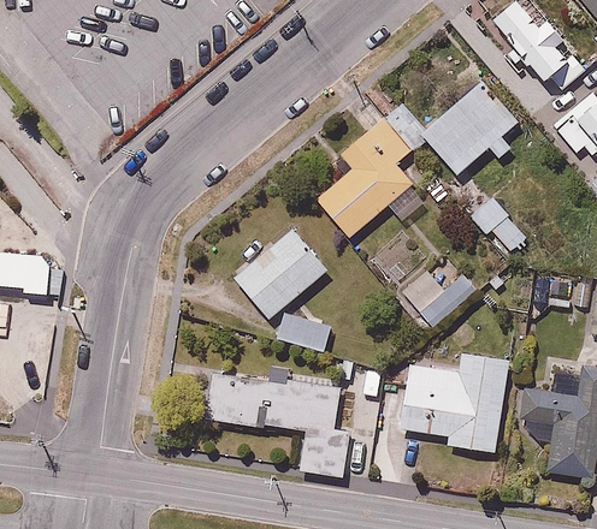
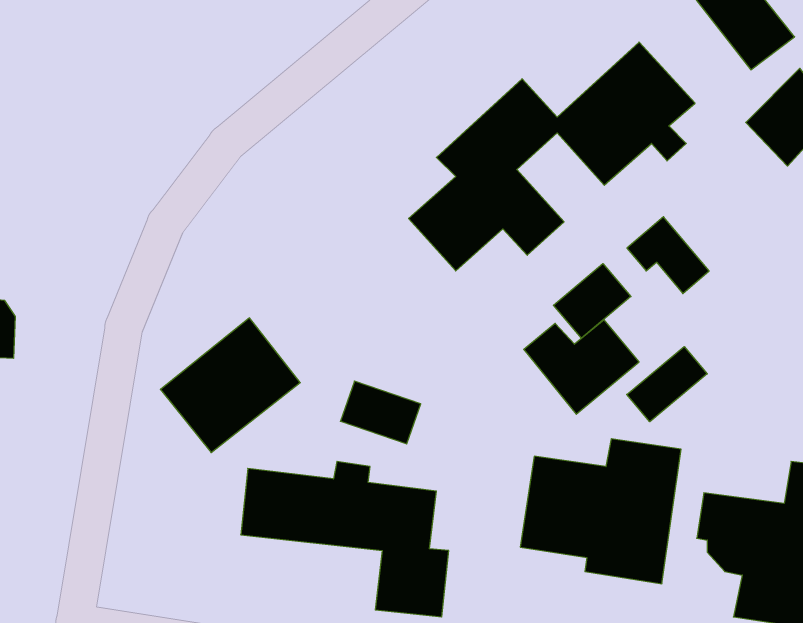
building: [231,227,327,320] -> [160,318,300,453]
building: none -> [553,264,631,338]
building: none -> [627,347,707,422]

